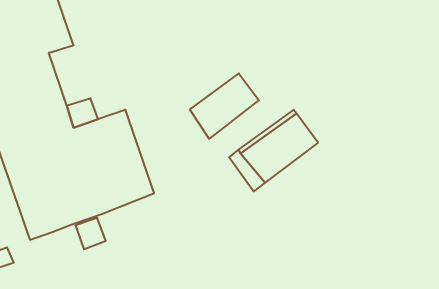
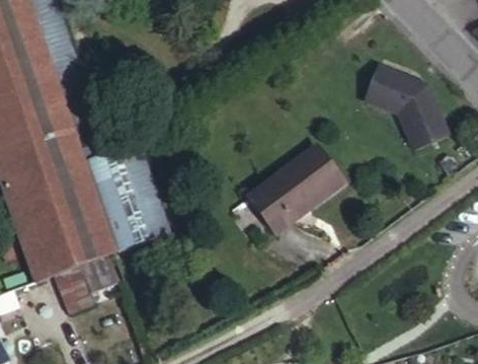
building: none -> [363,64,446,148]
building: [190,73,259,139] -> none
building: none -> [59,267,94,314]

